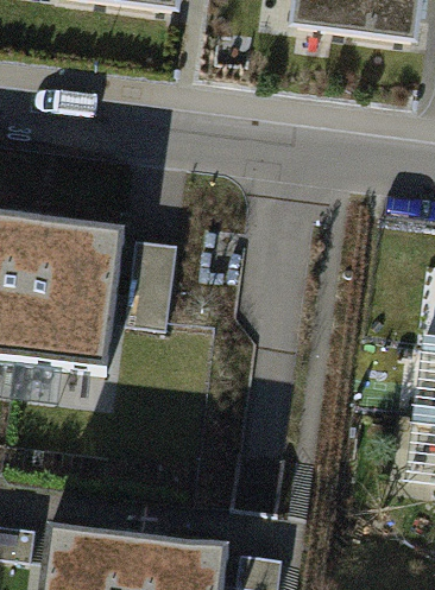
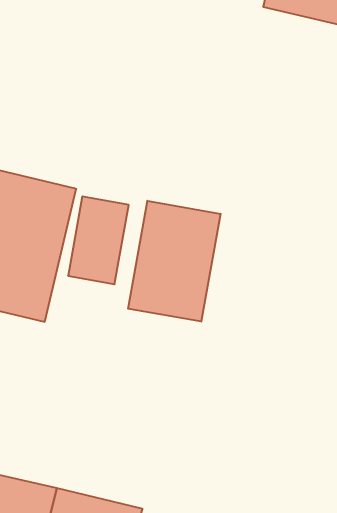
building: none -> [128,201,221,322]

